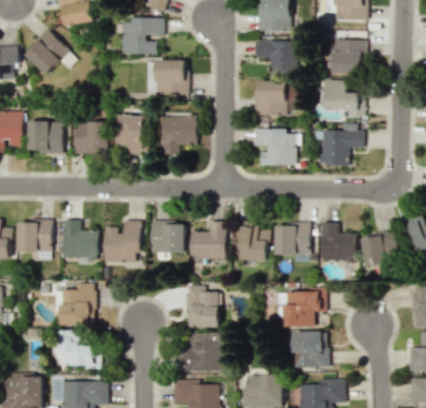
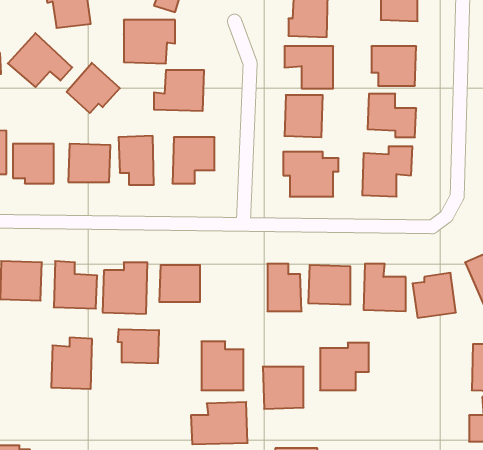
building: none -> [67,63,120,113]
building: [189,222,224,260] -> none
building: none -> [118,329,159,363]
building: [59,331,100,370] -> none
building: [292,332,326,367] -> [263,367,304,409]

